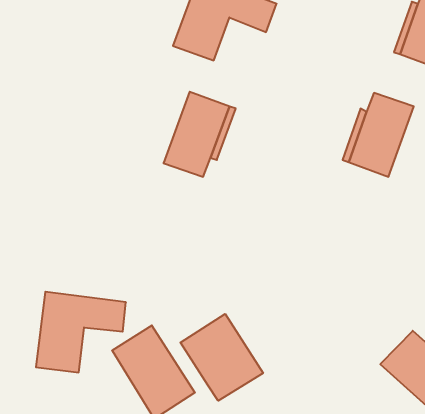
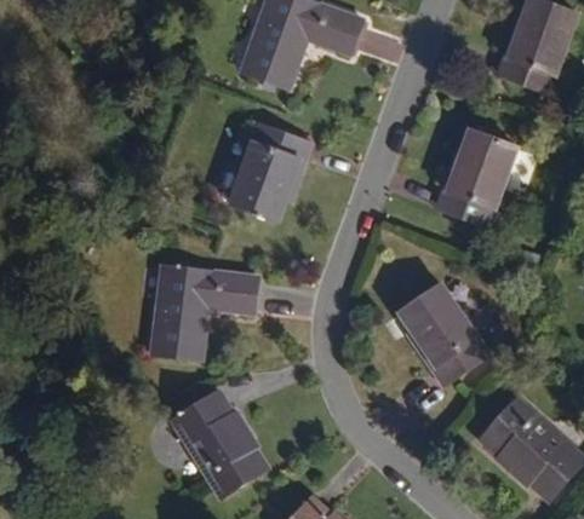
building: none -> [400,286,489,384]
building: [36,292,126,372] -> [153,265,257,358]
building: [180,314,263,401] -> none

